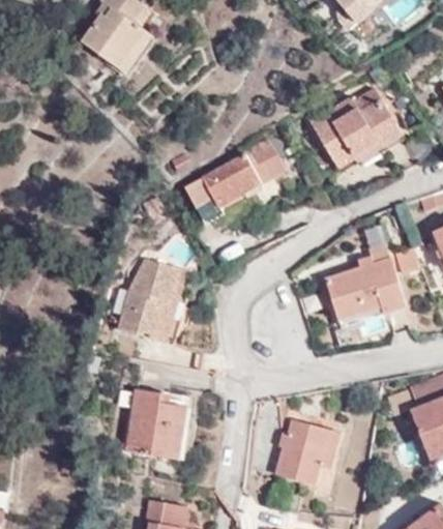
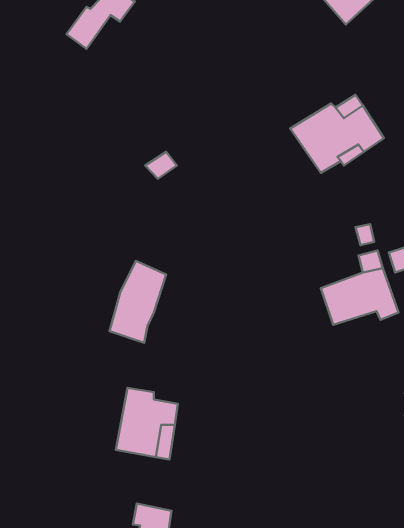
building: [99,17,147,65] -> none
building: [183,140,286,224] -> none
building: [279,421,337,481] -> none

